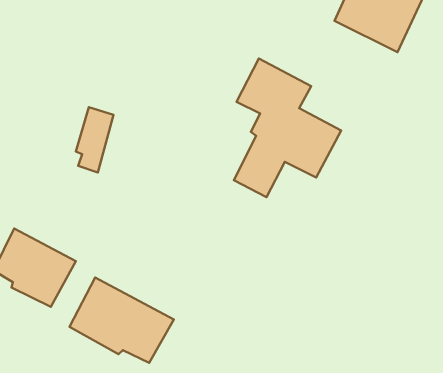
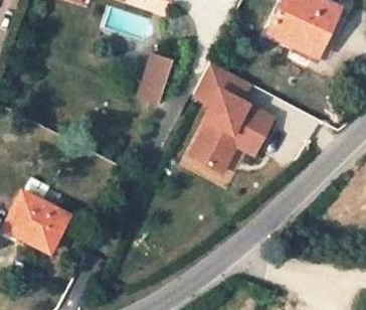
building: [76,107,114,172] -> [142,56,171,107]
building: [70,277,174,363] -> none

